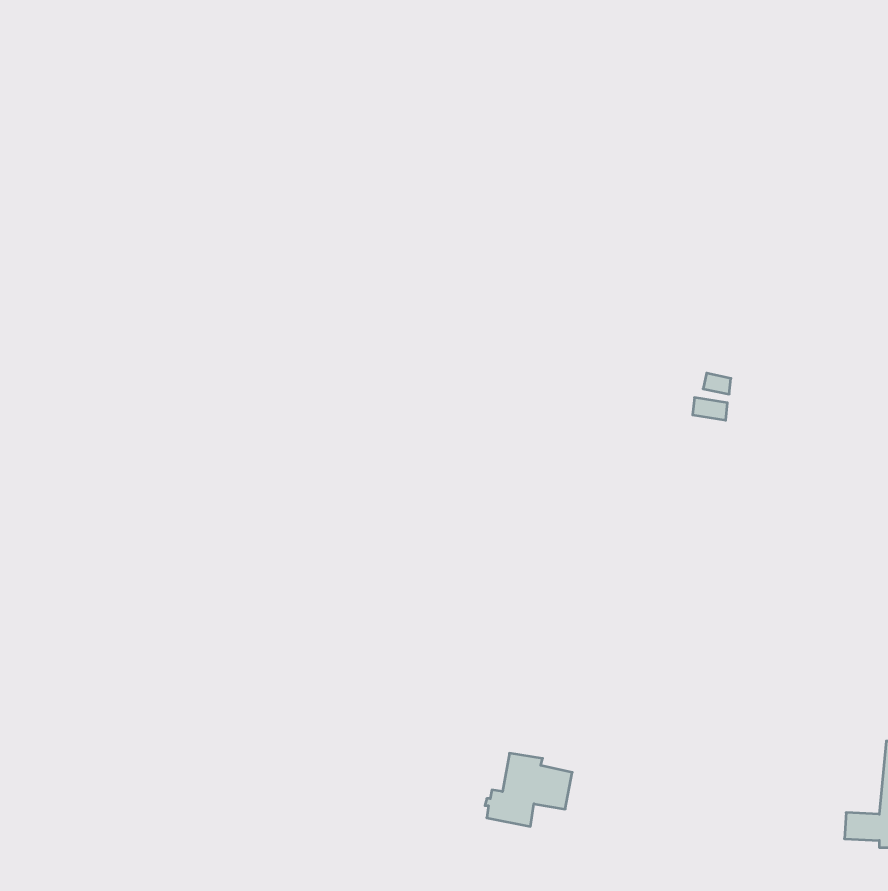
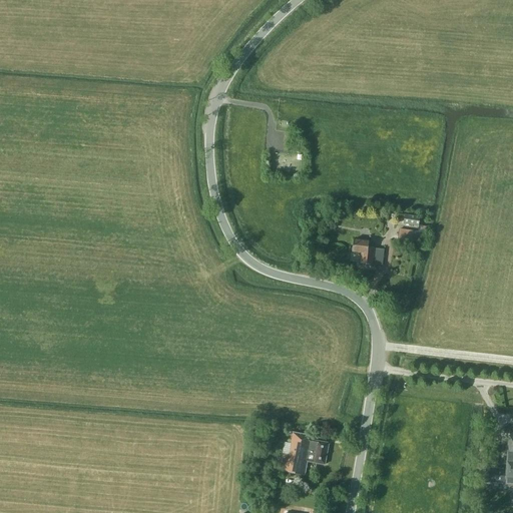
building: none -> [354,239,386,266]

